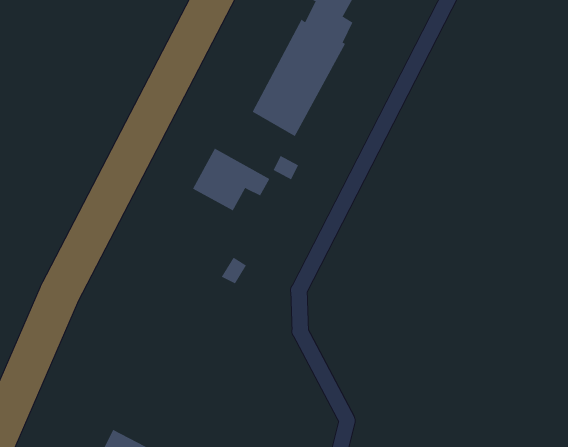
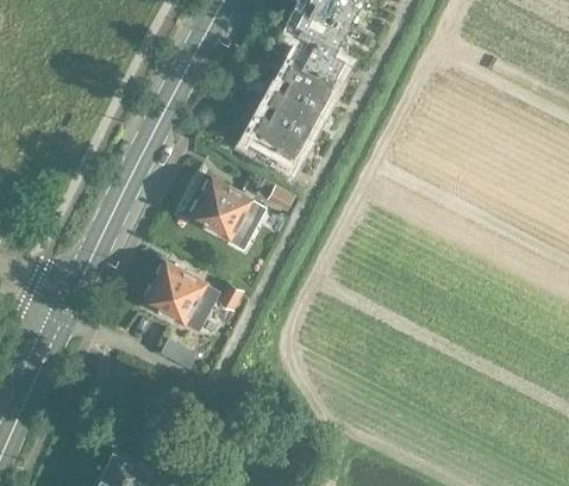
building: none -> [144,263,218,323]

